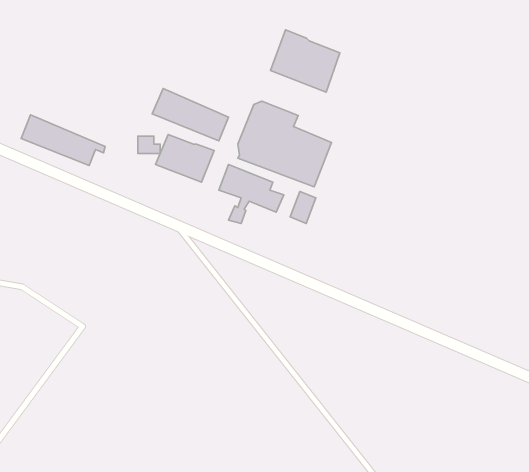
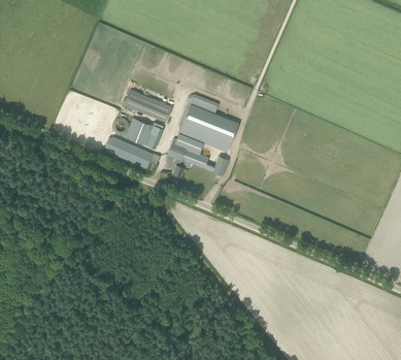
building: [270,30,340,92] -> none
building: [21,115,105,165] -> [102,134,157,167]

